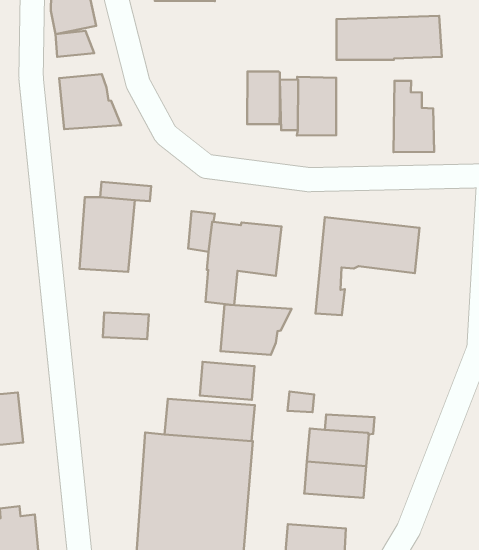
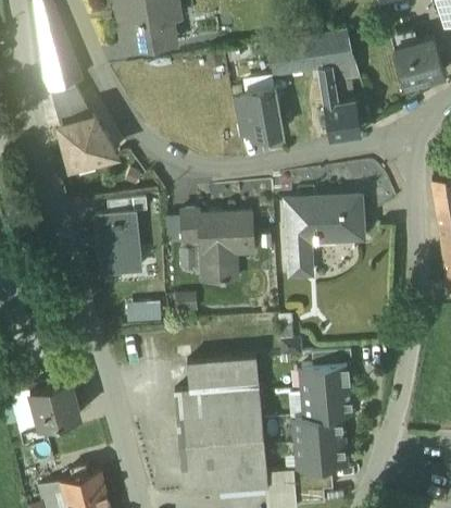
building: none -> [317,61,360,86]
building: [247,71,280,124] -> none
building: [220,305,291,355] -> none
building: [200,362,254,400] -> none
building: none -> [295,416,342,445]

